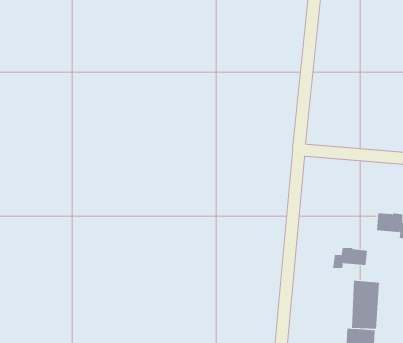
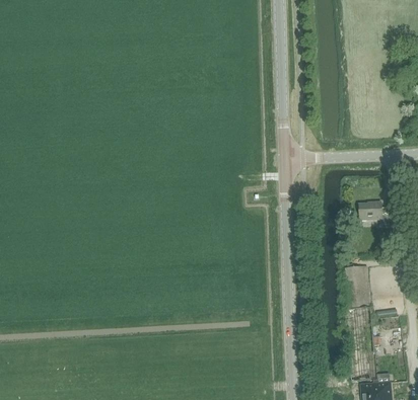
building: [333,247,368,269] -> none

